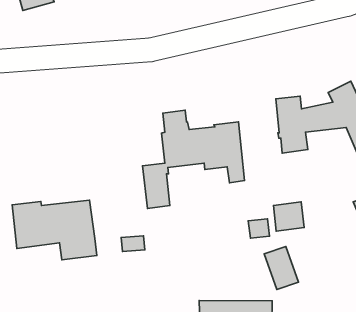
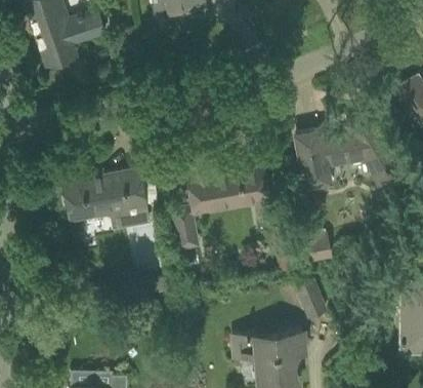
building: [12,200,97,260] -> [64,168,149,228]

